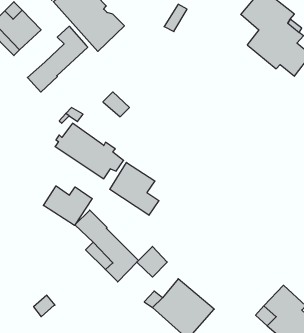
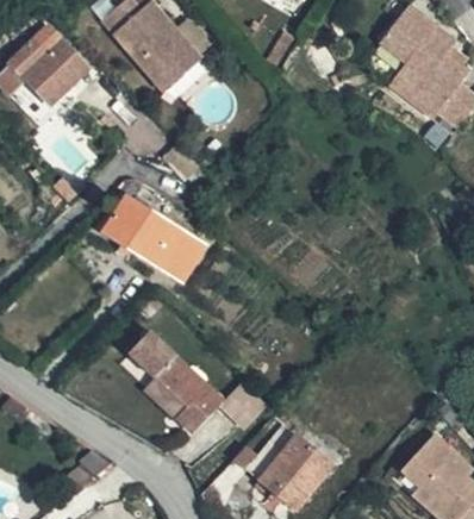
building: [27,26,88,92] -> none
building: [110,162,159,215] -> none
building: [43,186,92,225] -> none

